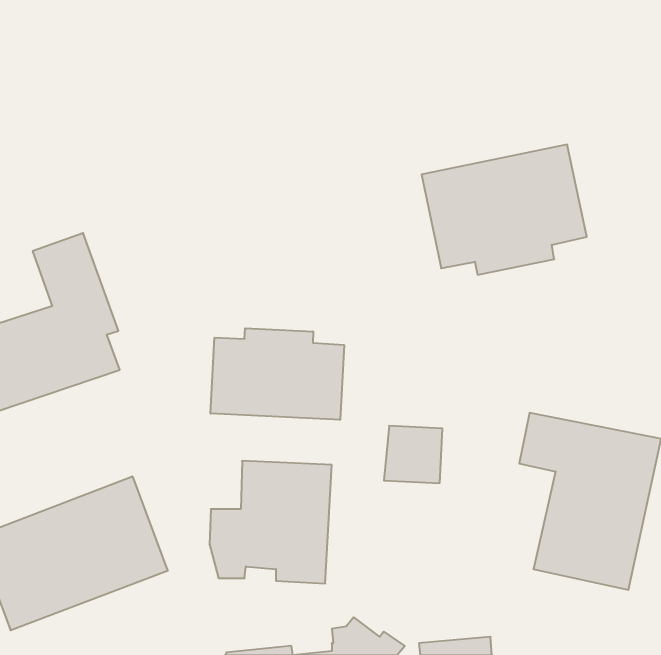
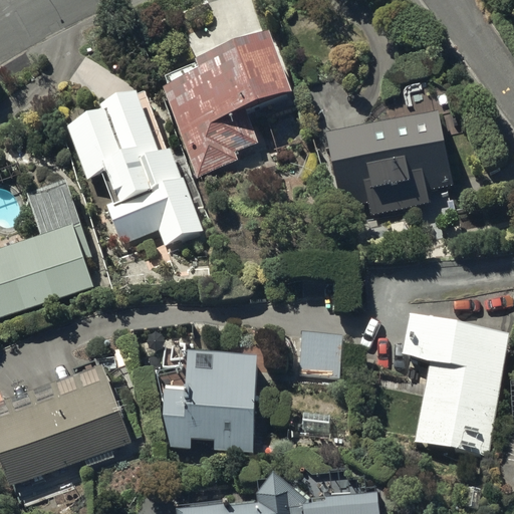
building: none -> [162,36,292,174]
building: none -> [66,91,203,244]
building: [211,328,344,420] -> none

